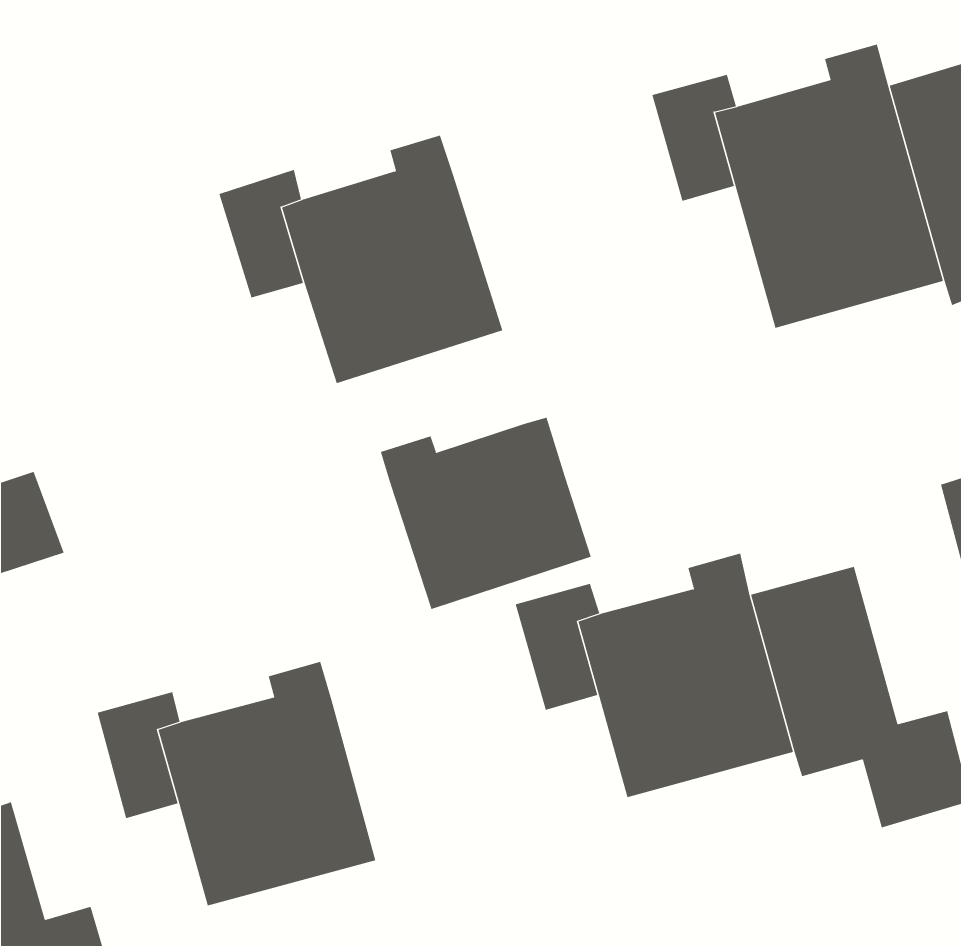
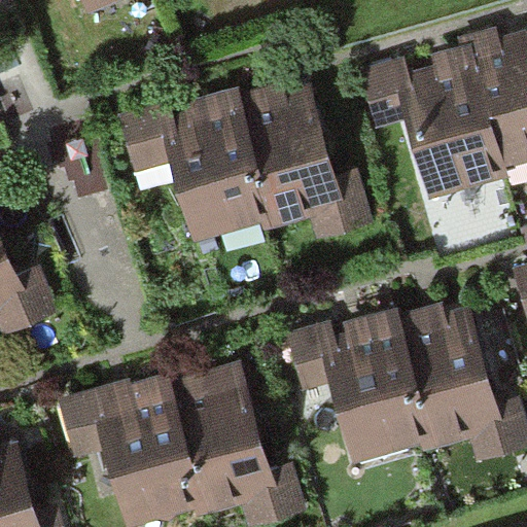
building: none -> [251,91,376,233]
building: [380,417,591,610] -> none
building: none -> [185,378,306,521]

